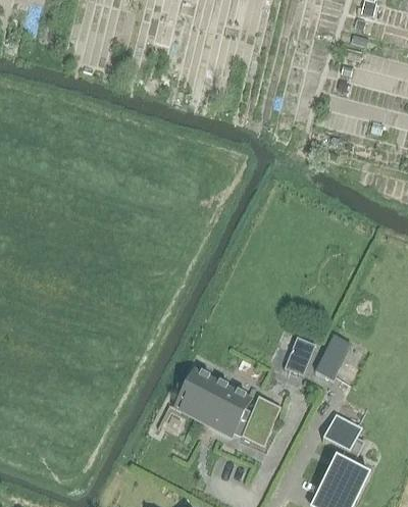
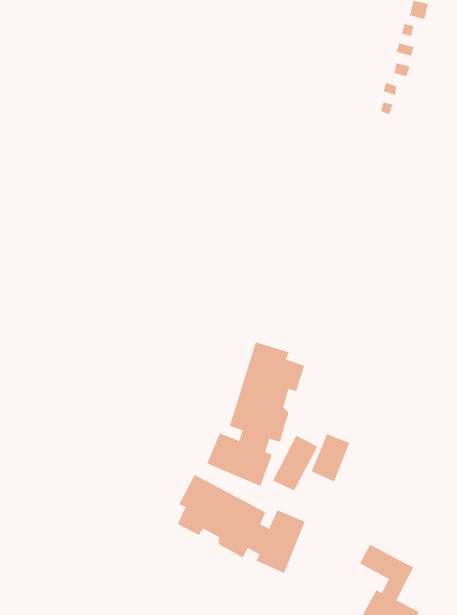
building: none -> [207,341,305,487]
building: [314,335,350,378] -> [272,435,318,491]

